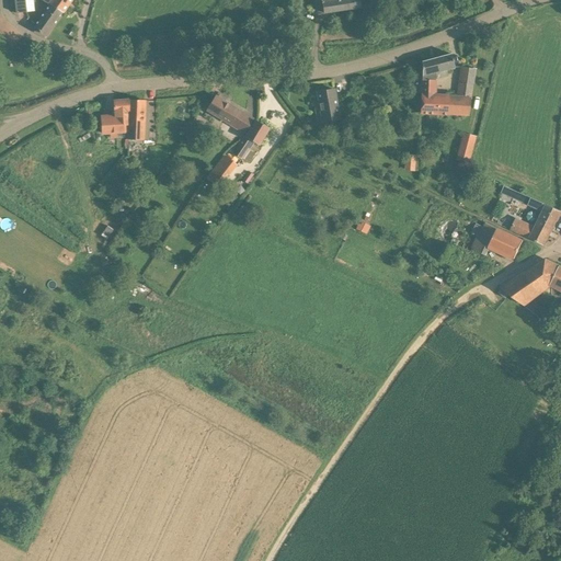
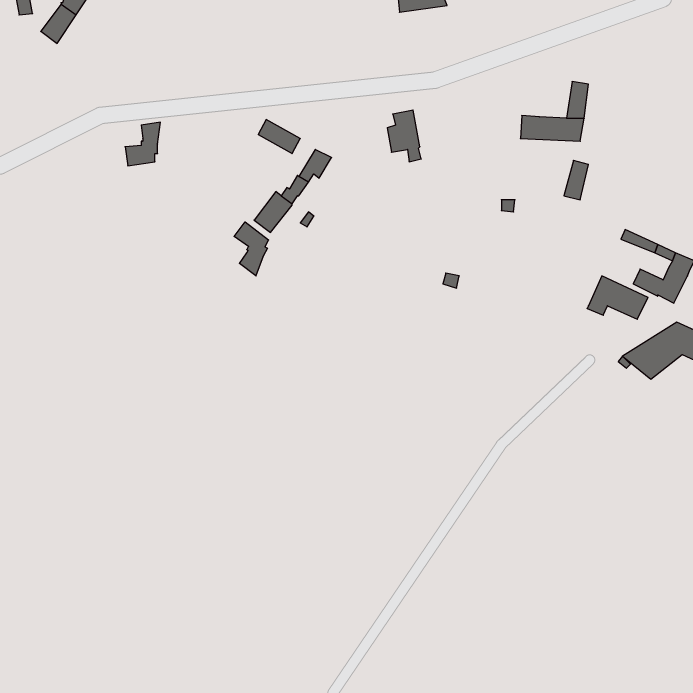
building: [422,53,456,94] -> none
building: [128,99,145,146] -> none
building: none -> [234,222,269,276]

